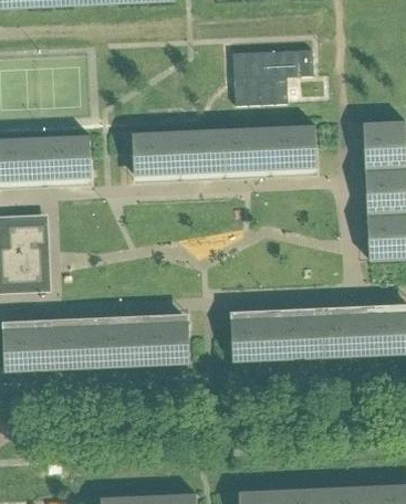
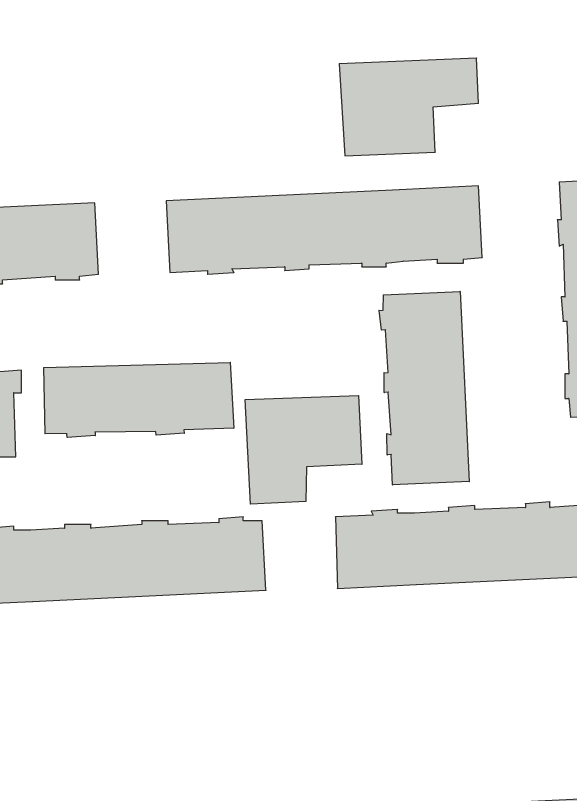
building: none -> [379,291,469,485]
building: none -> [44,362,234,437]
building: none -> [245,396,362,504]

